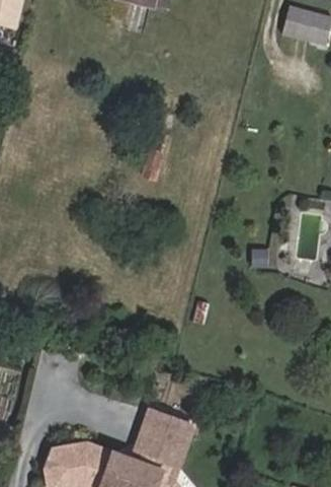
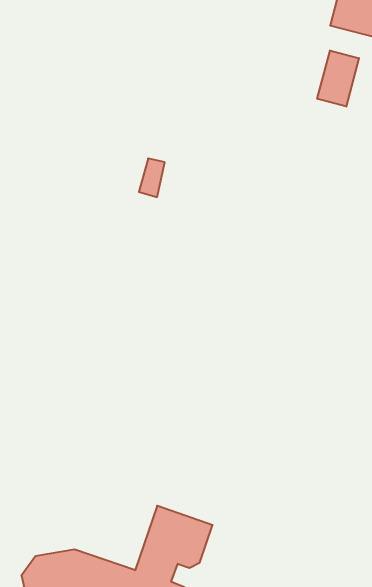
building: none -> [317,50,359,107]

